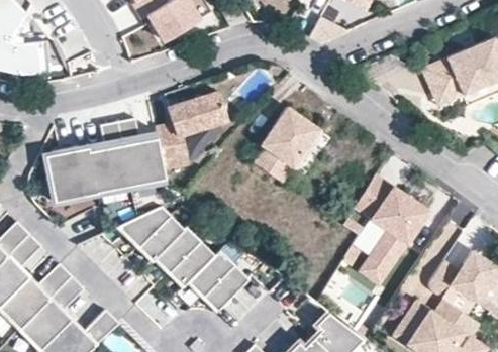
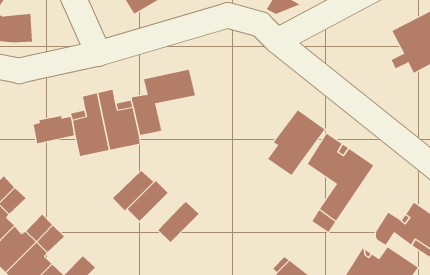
building: [422,61,461,109] -> none
building: [261,113,325,187] -> [267,110,326,176]
building: [54,177,101,212] -> none
building: [117,205,170,246] -> none
building: [168,240,214,286] -> none
building: [202,263,248,310] -> none

